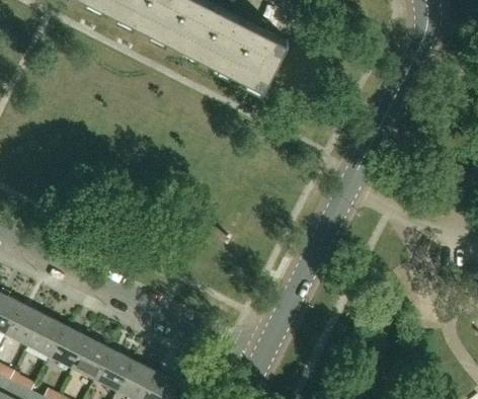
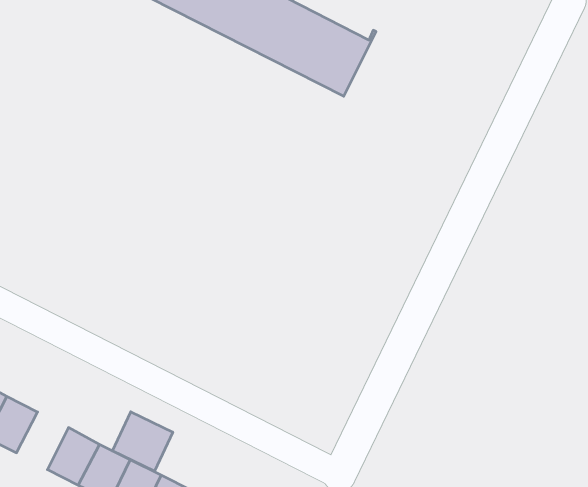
building: none -> [112,412,173,471]
building: [27,315,65,356] -> none

